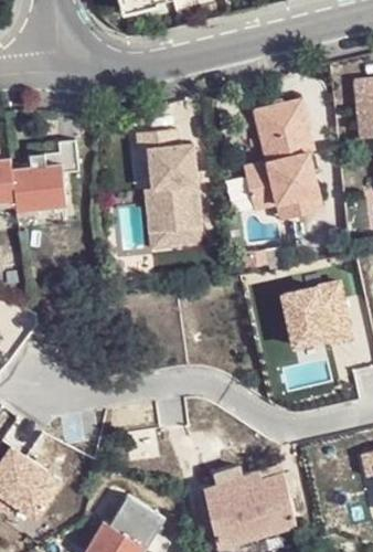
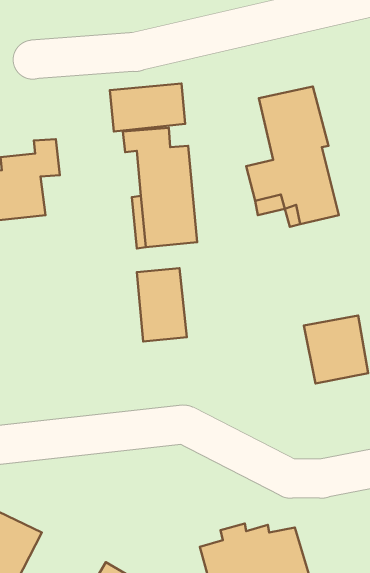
building: none -> [110,83,185,132]
building: none -> [137,268,187,341]

